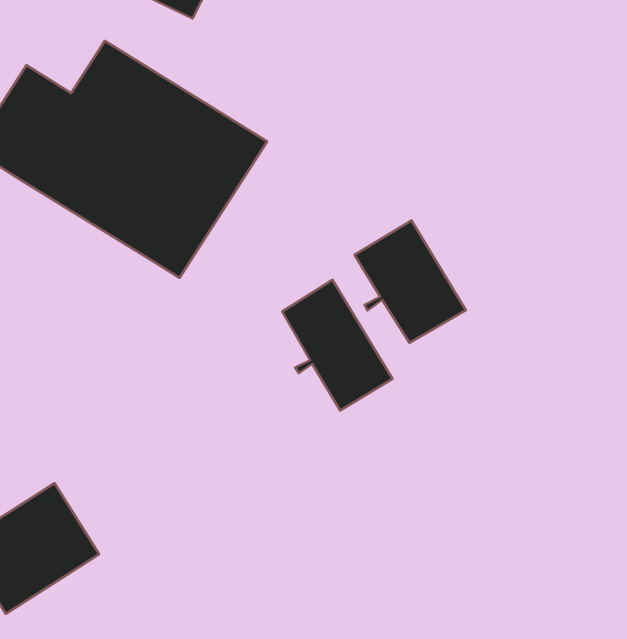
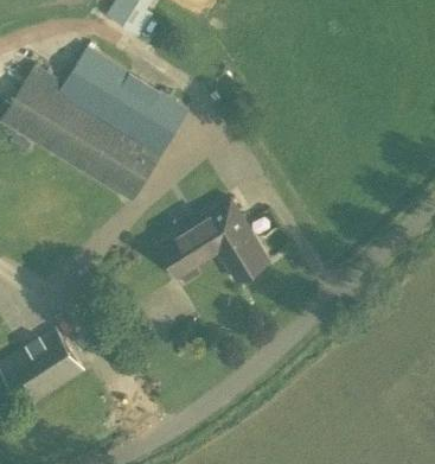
building: [354,220,466,343] -> none
building: none -> [155,220,216,278]

